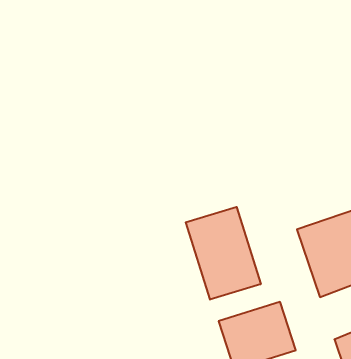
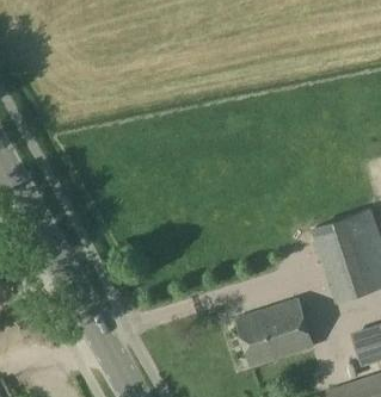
building: [186,207,261,300] -> none

